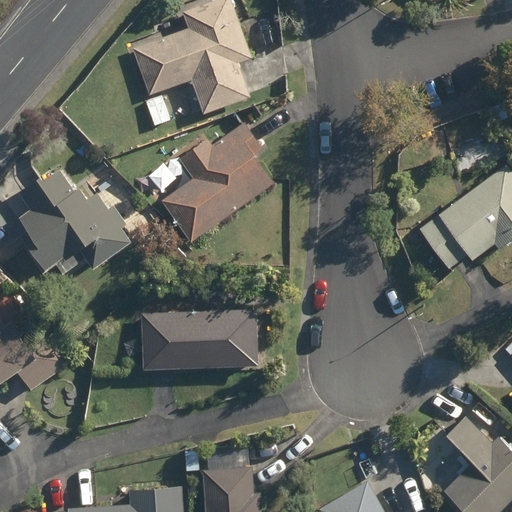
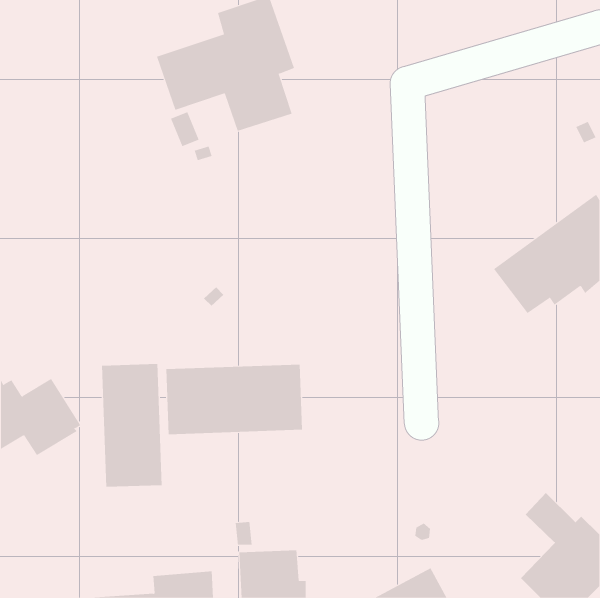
building: [160,123,274,244] -> none
building: [18,171,130,275] -> none
building: none -> [102,363,162,488]

